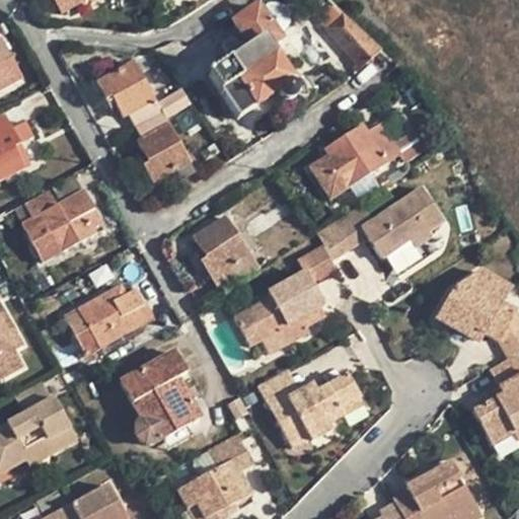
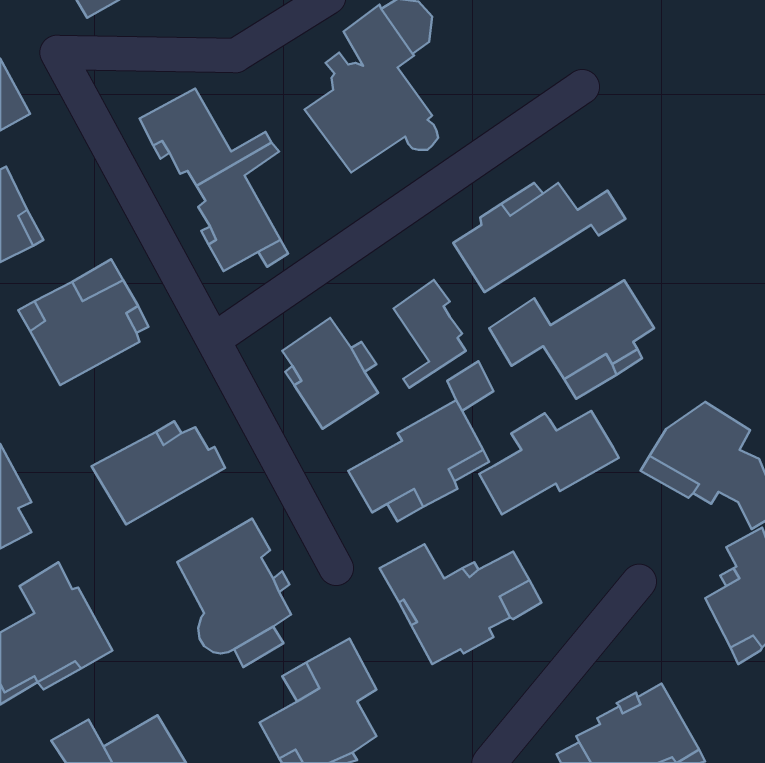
building: [324,10,381,67] -> none
building: none -> [394,280,466,388]
building: none -> [479,411,619,515]

